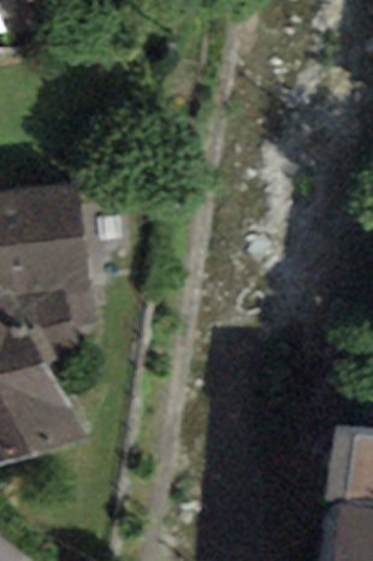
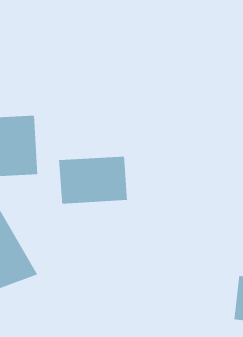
building: none -> [59,156,128,204]

